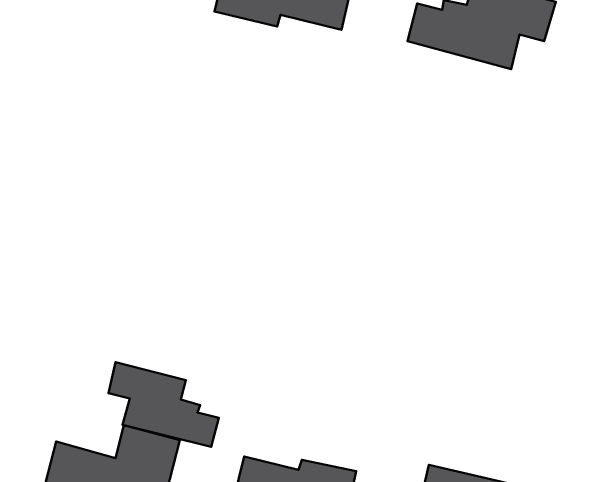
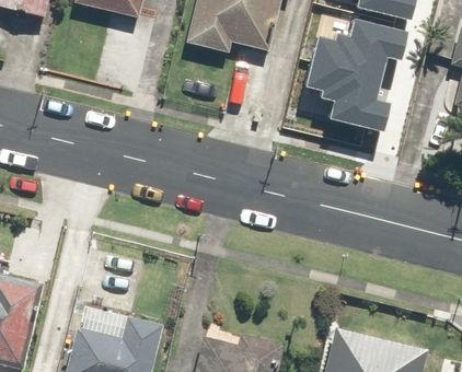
building: none -> [305,61,391,132]
building: [109,362,219,447] -> none

